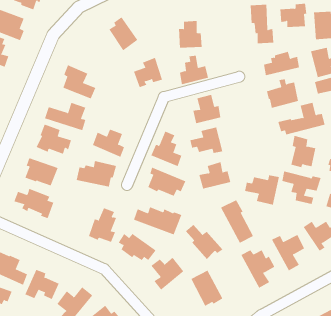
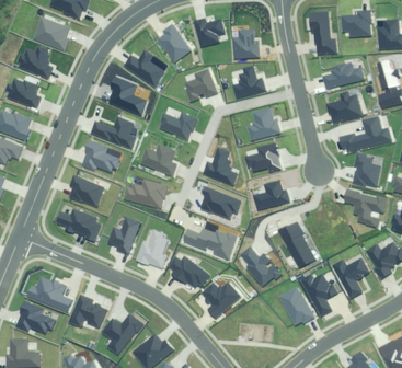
building: none -> [195,19,225,46]
building: none -> [125,49,165,85]
building: none -> [161,113,197,140]
building: [244,175,280,205] -> none
building: none -> [108,217,140,254]
building: [191,270,223,307] -> [279,286,314,325]

